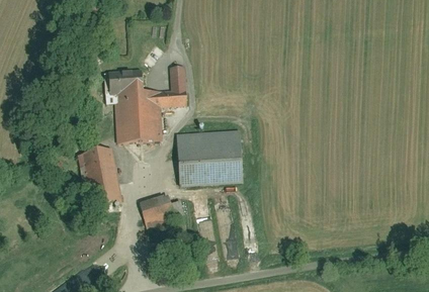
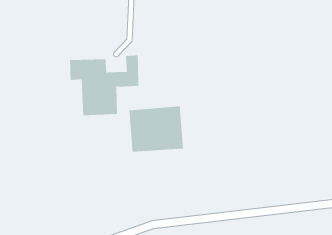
building: [78,150,121,207] -> none
building: [141,195,175,224] -> none

